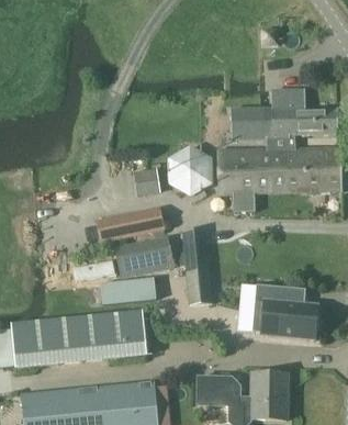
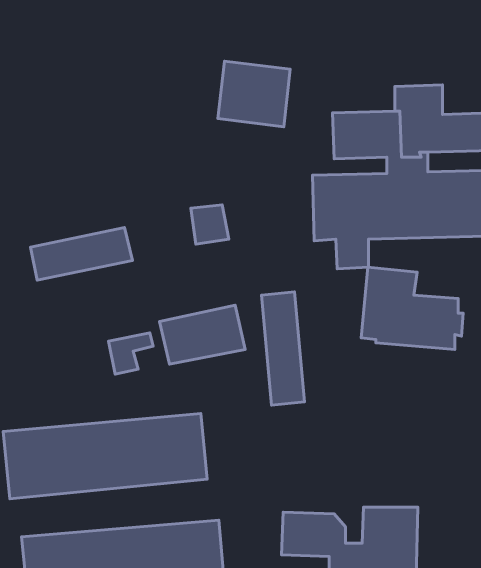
building: [167,145,215,189] -> [218,61,290,127]
building: [96,208,164,243] -> [31,228,133,280]
building: [100,278,154,304] -> none
building: [250,283,318,338] -> [361,267,463,349]

